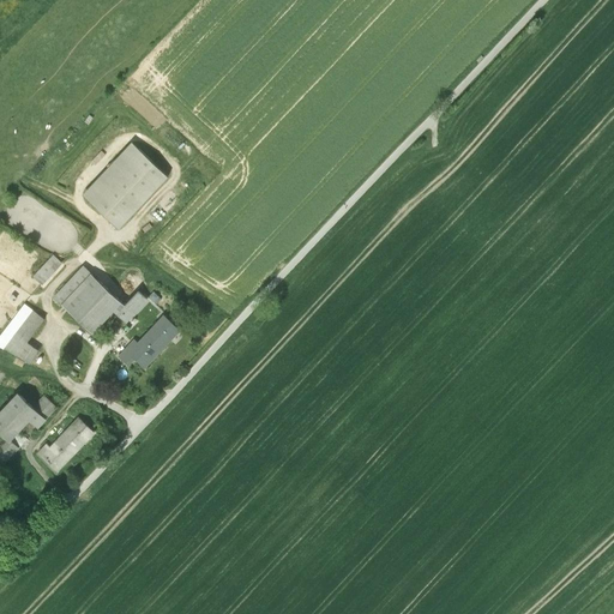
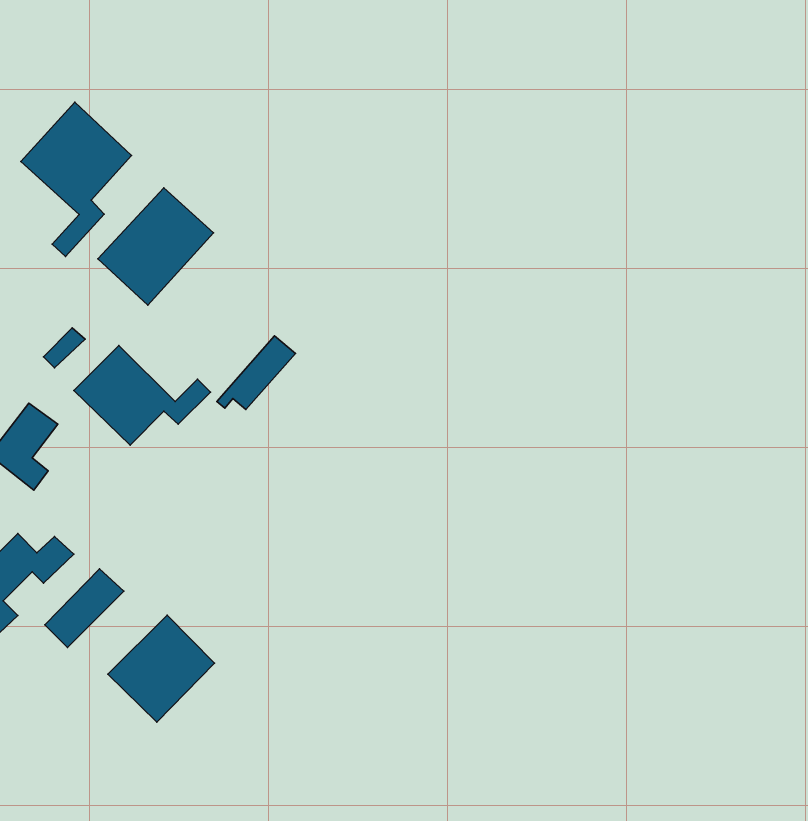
building: none -> [21,102,132,256]
building: [130,311,188,366] -> [217,336,295,410]
building: none -> [108,615,215,722]

